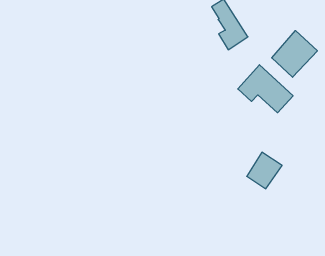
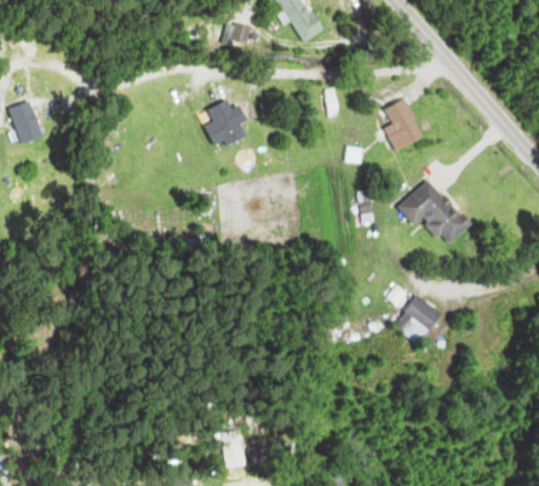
building: [272,31,317,77] -> none
building: none -> [199,99,243,149]

